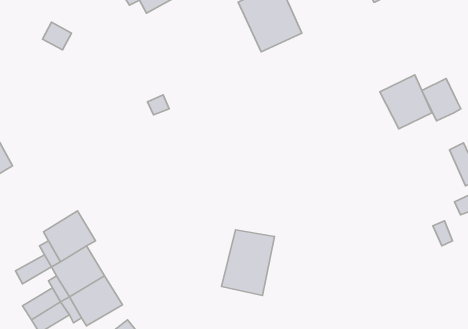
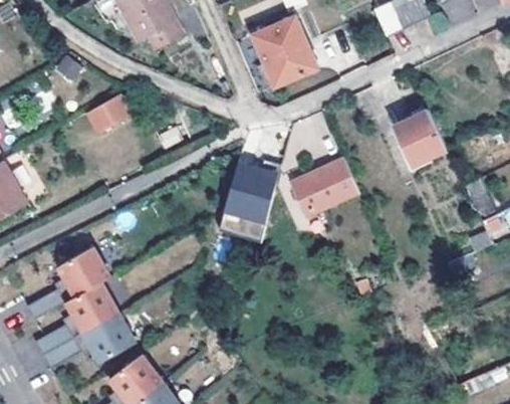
building: none -> [85,91,130,130]
building: [422,79,461,121] -> none
building: none -> [293,158,359,214]
building: [221,230,274,296] -> [228,161,281,227]

